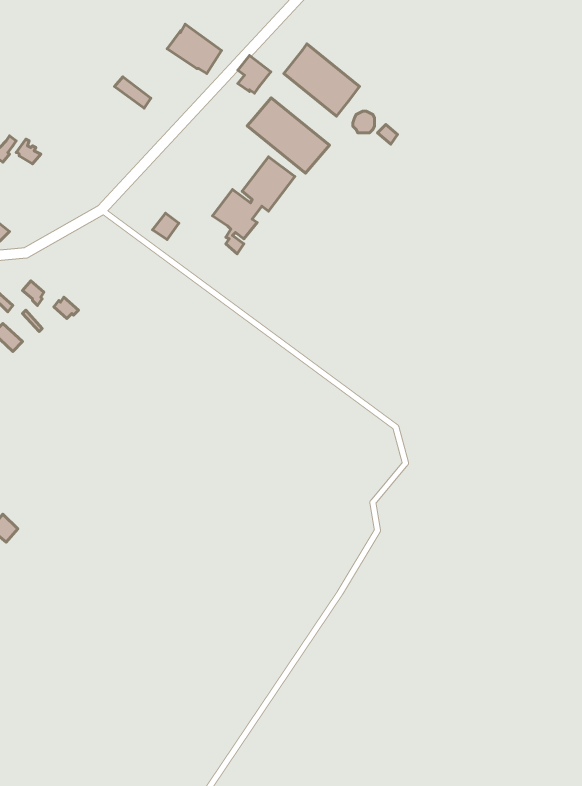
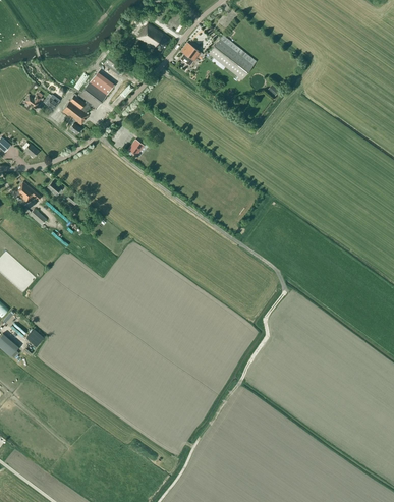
building: [247,98,330,173] -> none
building: [213,157,295,254] -> [61,74,112,134]

